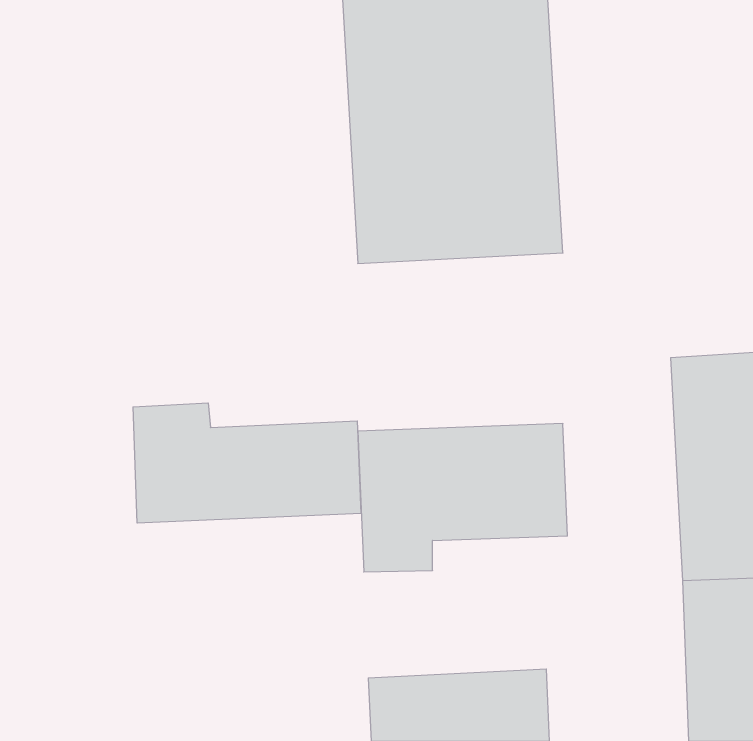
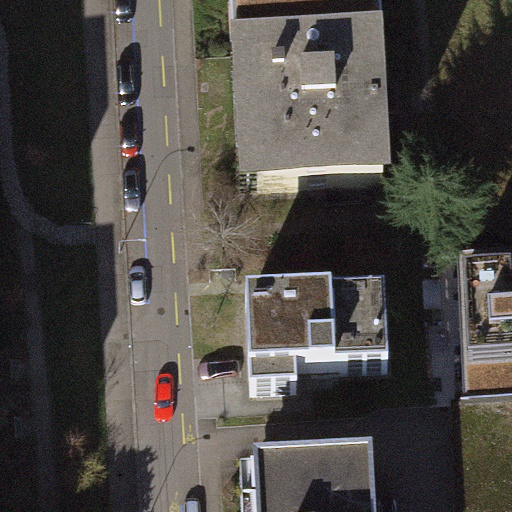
building: [133,403,361,523] -> none

